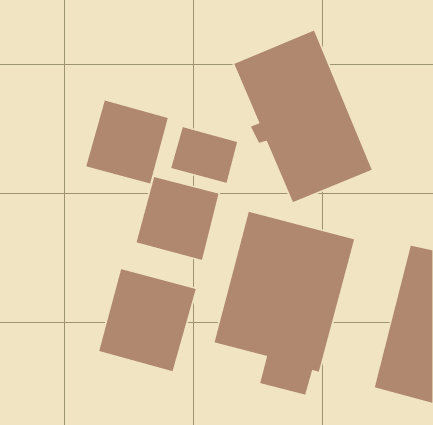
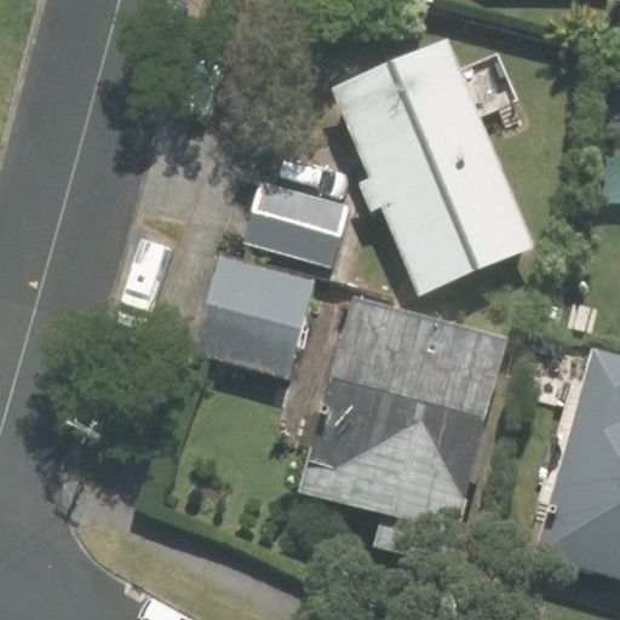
building: [85,99,169,185] -> none
building: [98,268,197,372] -> none

